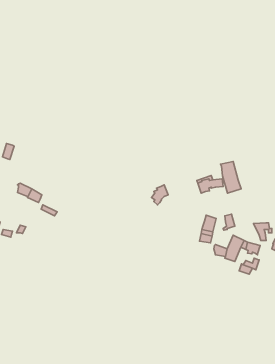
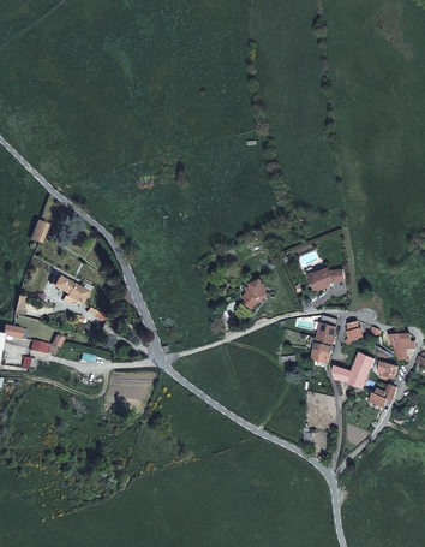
building: [221,162,241,193] -> none

